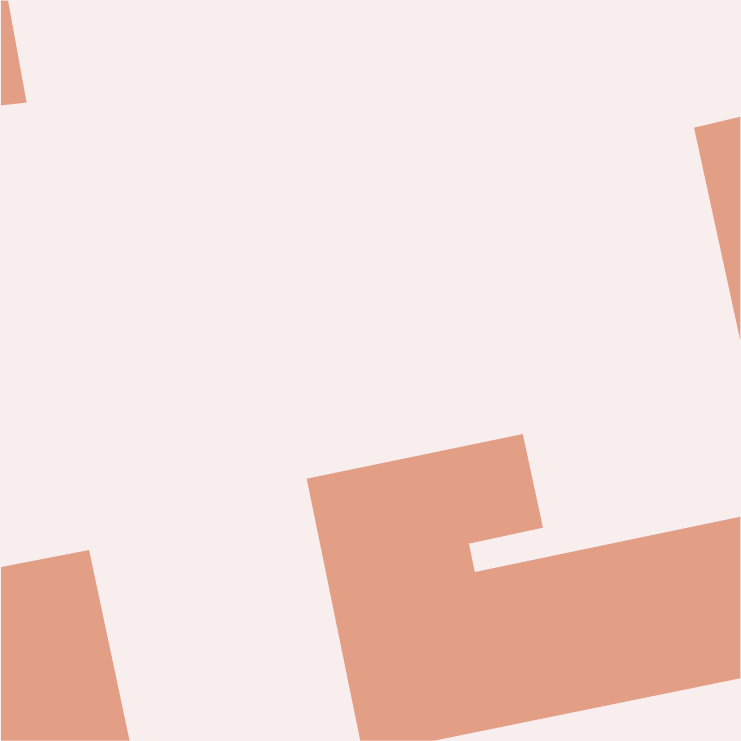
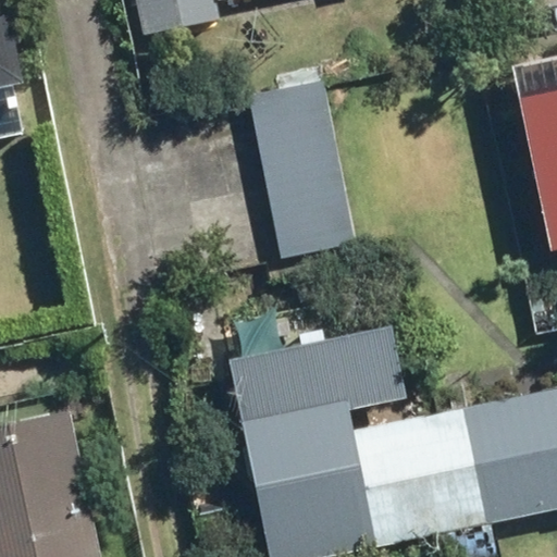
building: none -> [244,81,354,257]

